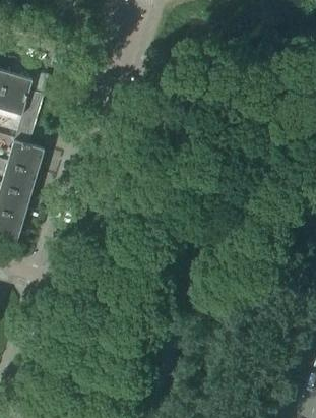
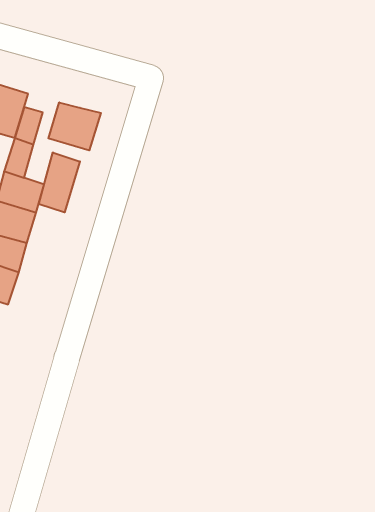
building: none -> [48,102,101,150]
building: none -> [39,152,80,212]

